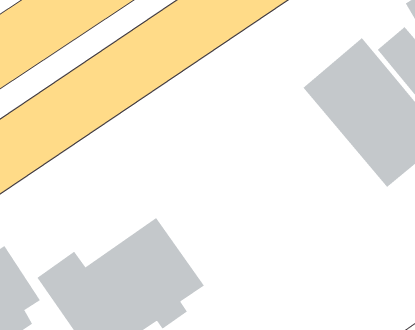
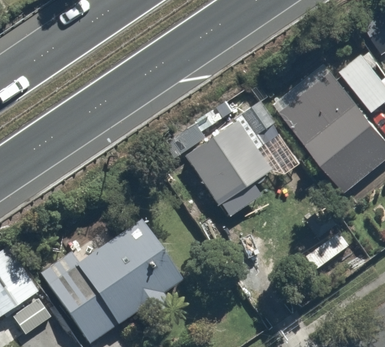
building: none -> [188,105,275,208]

